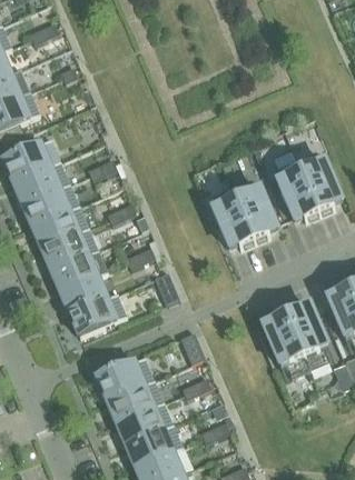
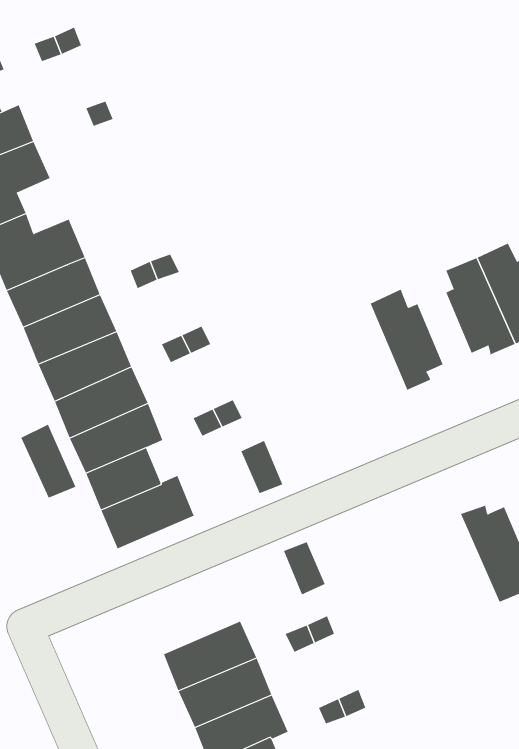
building: [211,189,254,248] -> none
building: none -> [21,424,76,499]
building: [265,316,309,377] -> none
building: [97,357,154,400] -> none

